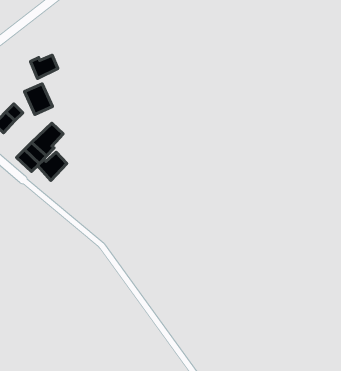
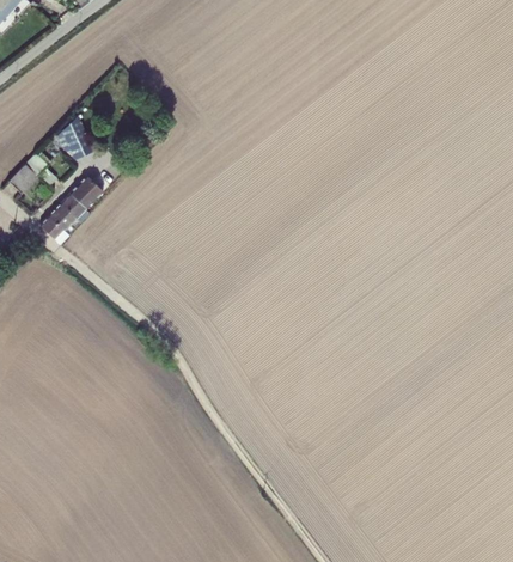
building: [31,55,58,79] -> none
building: [37,152,67,180] -> none

